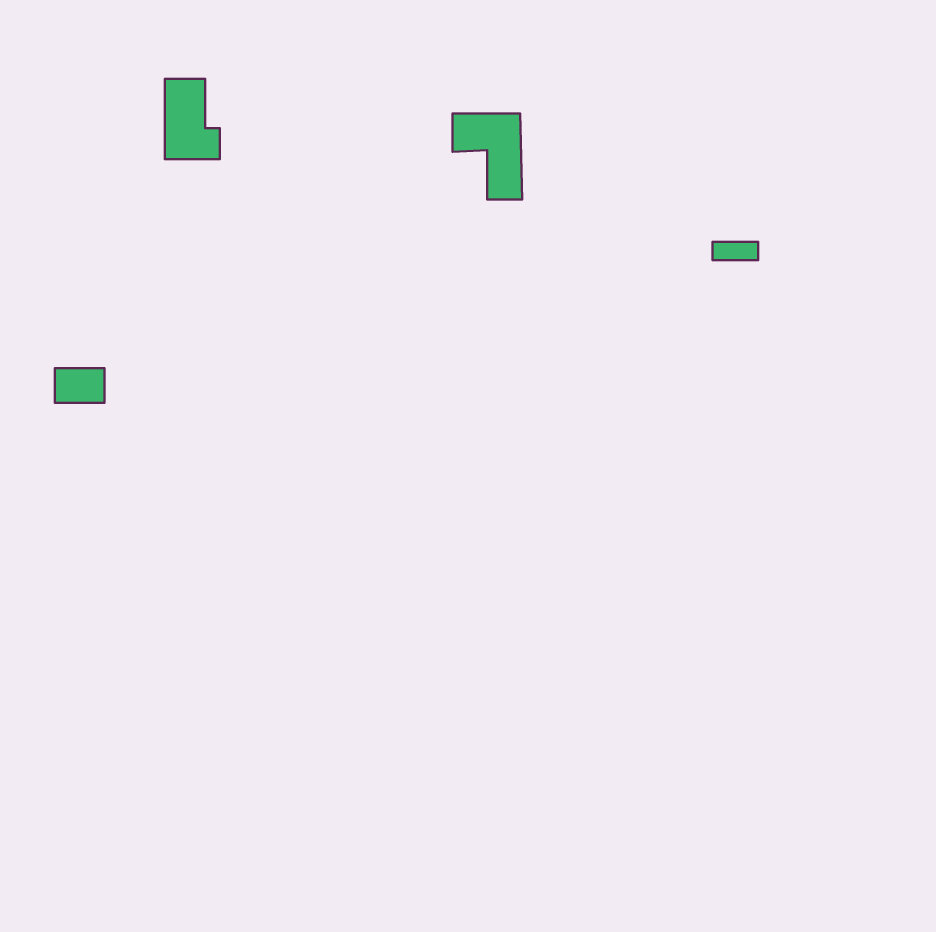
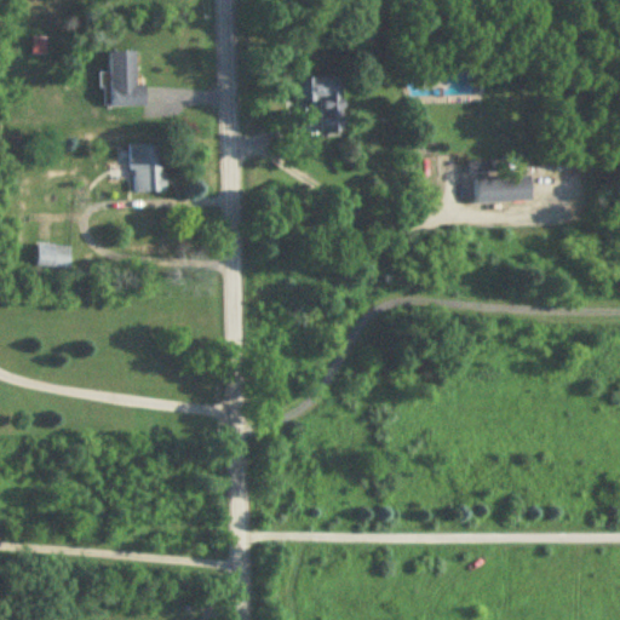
building: none -> [130,143,161,193]
building: none -> [475,174,532,202]

